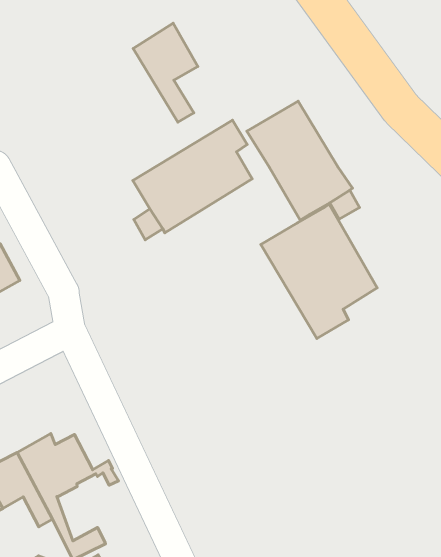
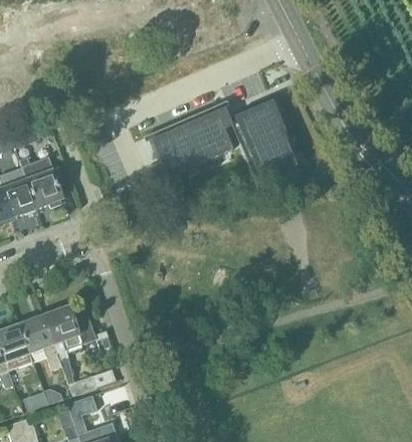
building: [133,23,198,122] -> none
building: [261,204,377,338] -> none

